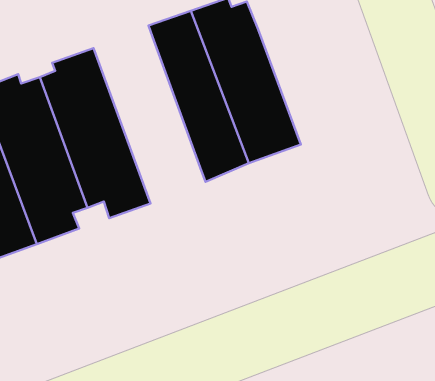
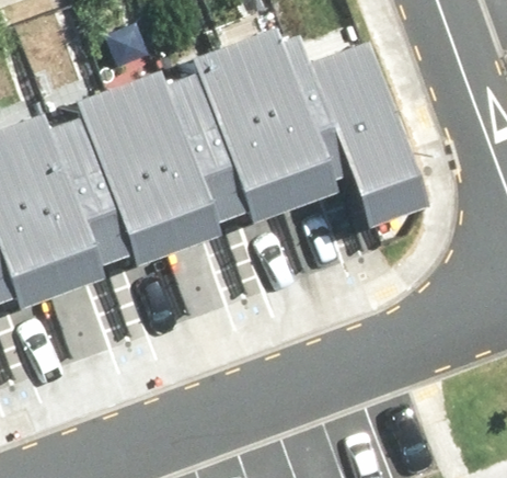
building: none -> [303,42,422,226]
building: none -> [129,68,242,248]

